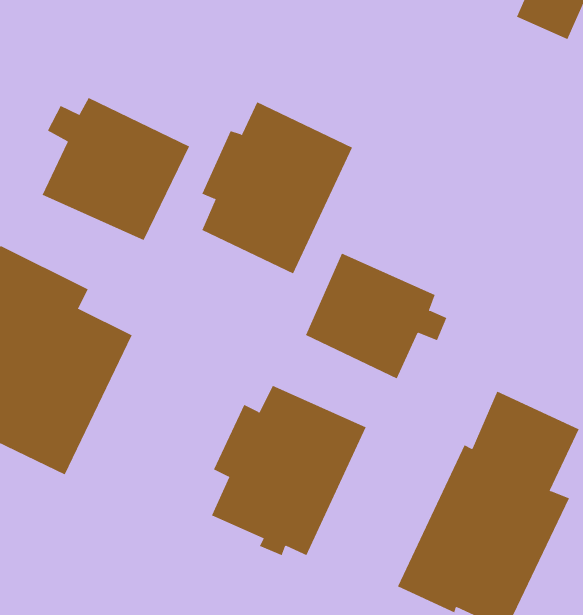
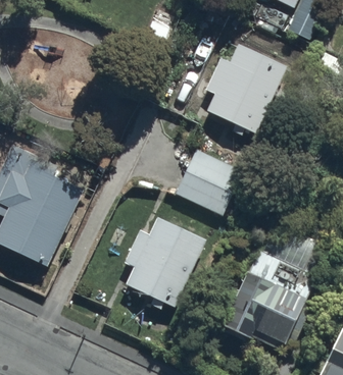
building: [42,97,190,241] -> none
building: [201,102,353,274] -> [206,43,287,135]

